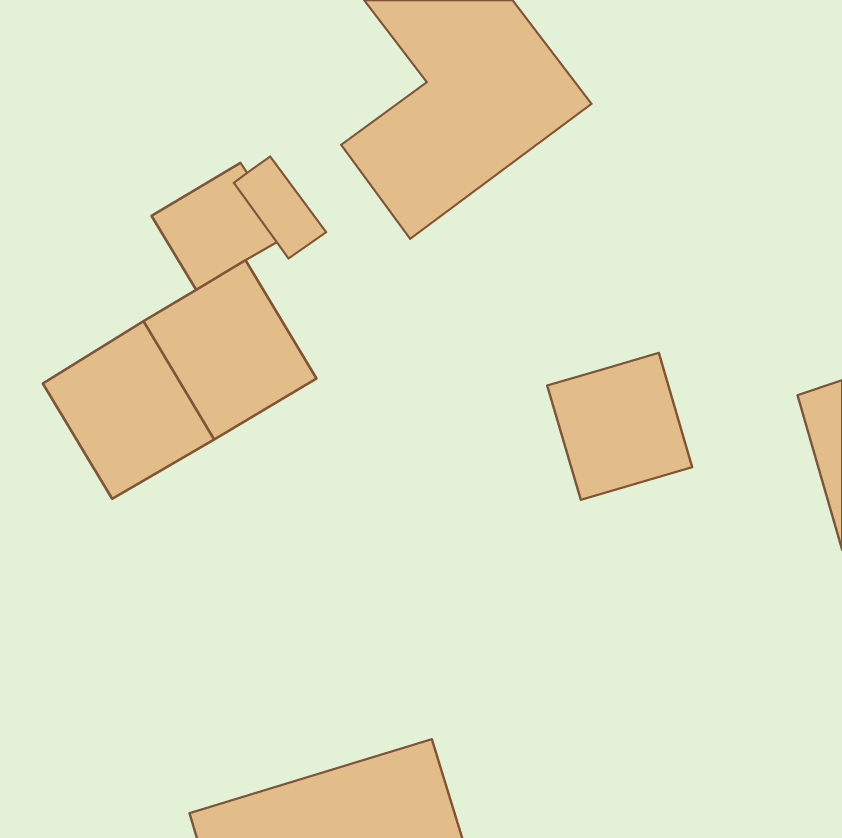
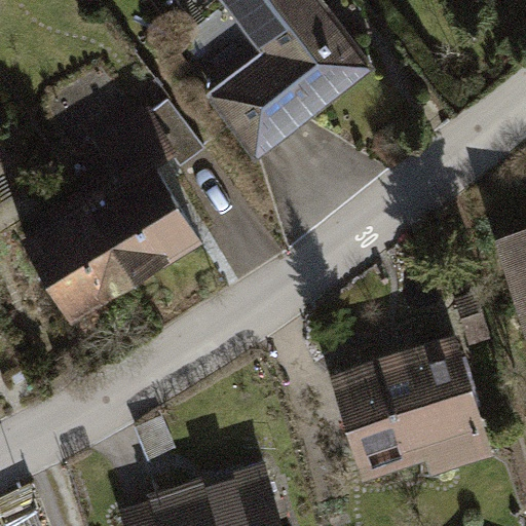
building: [547,353,692,500] -> none
building: none -> [330,343,500,494]

